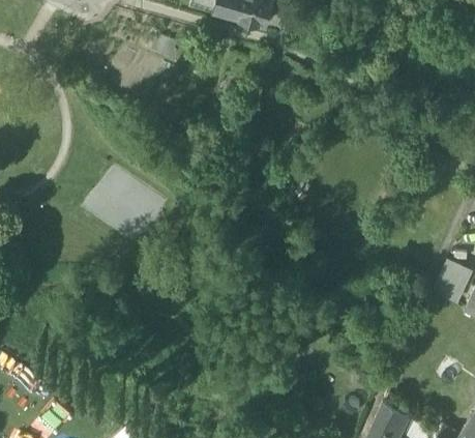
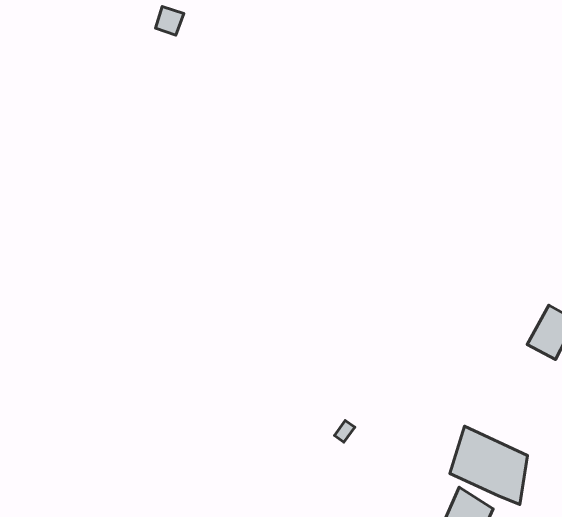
building: none -> [450,426,527,504]

